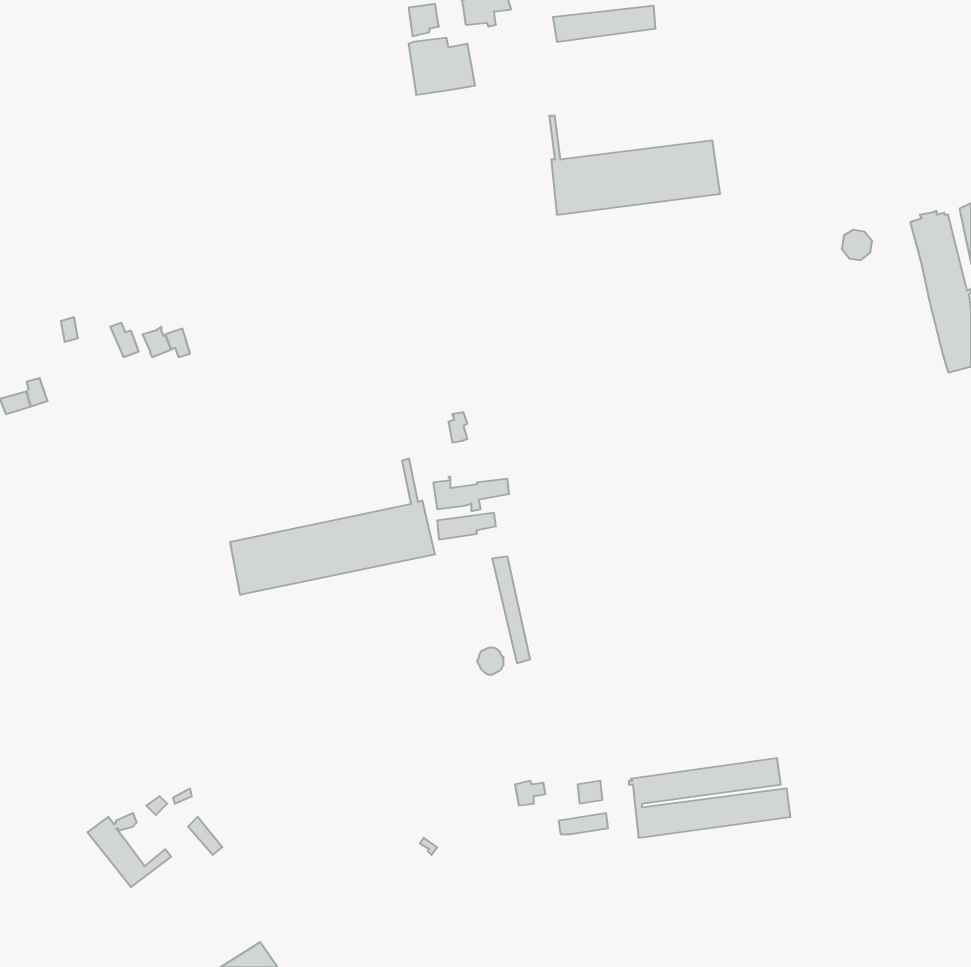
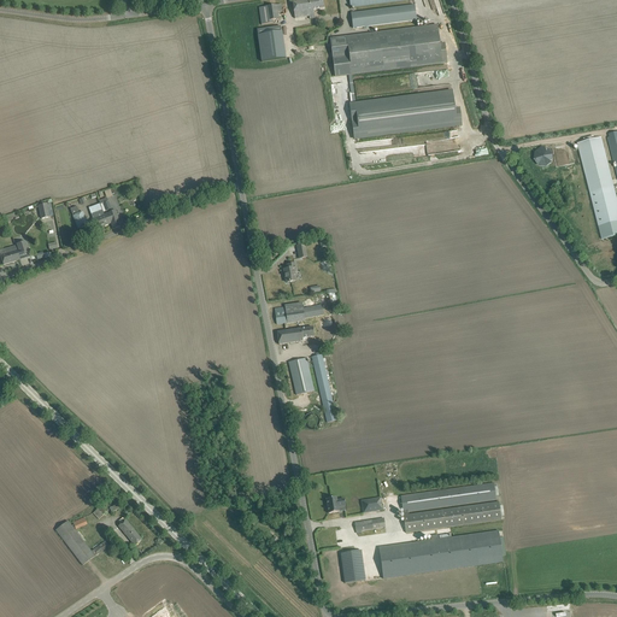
building: none -> [330,23,447,76]
building: [230,458,435,595] -> none
building: none -> [289,355,313,394]
building: none -> [381,529,504,576]
building: none -> [341,548,365,581]

